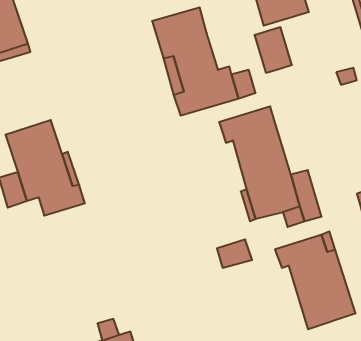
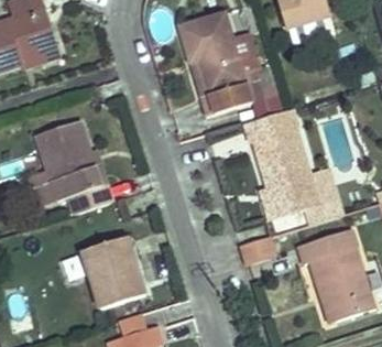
building: [254,27,292,73] -> [230,28,266,72]
building: none -> [63,237,144,308]

